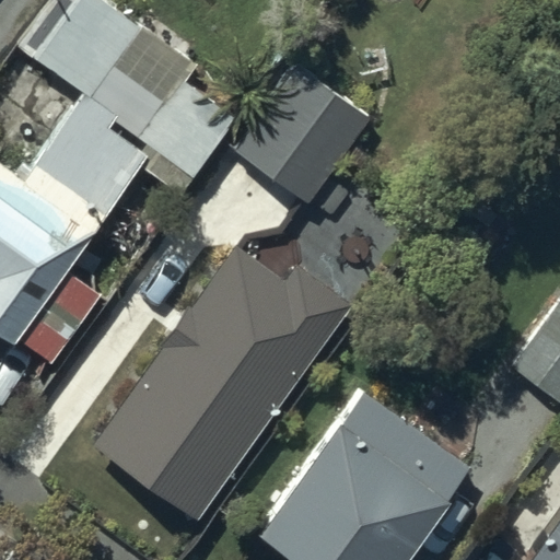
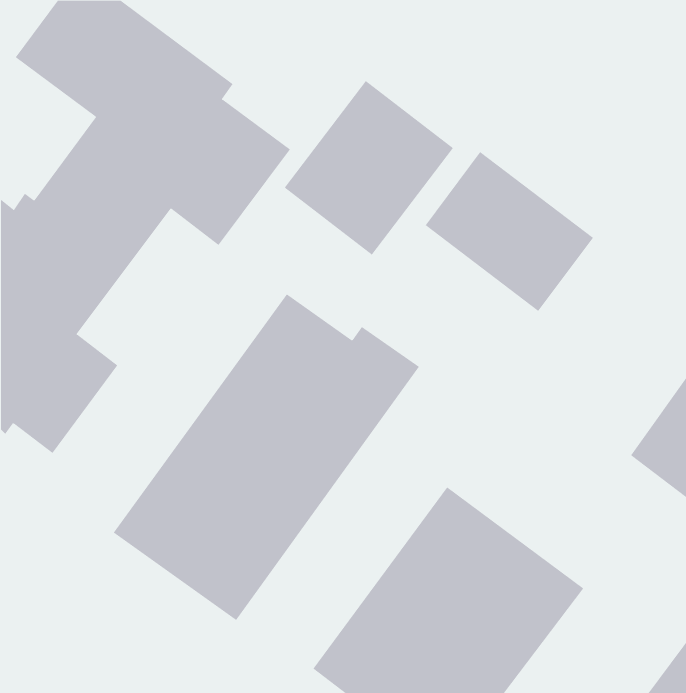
building: none -> [425,151,594,312]

